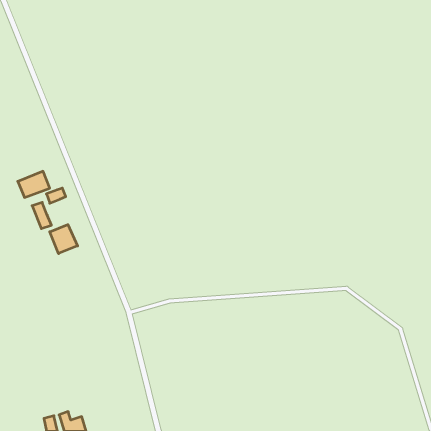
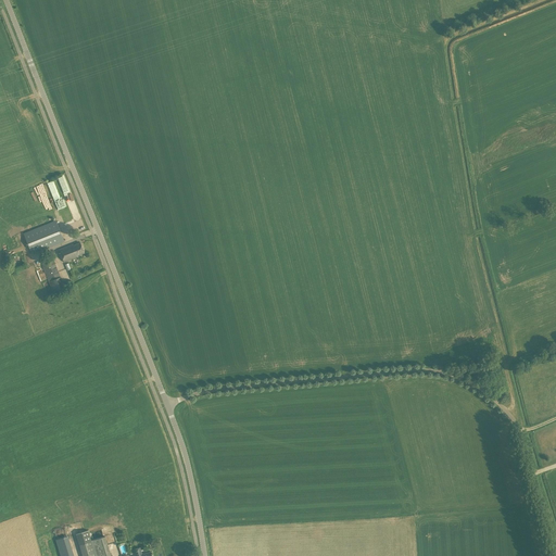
building: [50,225,78,254] -> none

